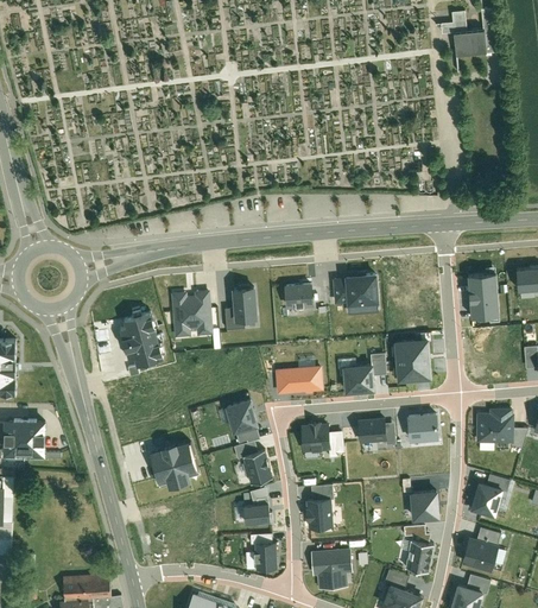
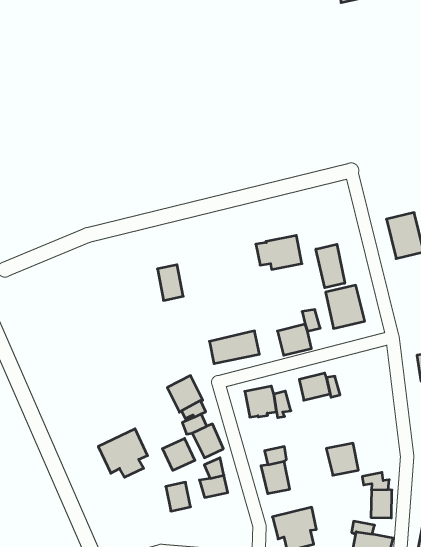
building: [281,285,311,309] -> none
building: [172,291,211,337] -> none
building: none -> [316,244,345,288]
building: [122,309,162,360] -> none
building: [407,413,436,441] -> none
building: none -> [162,438,195,470]
building: [409,494,437,522] -> [326,443,358,475]
building: [254,543,276,569] -> [166,482,191,511]

